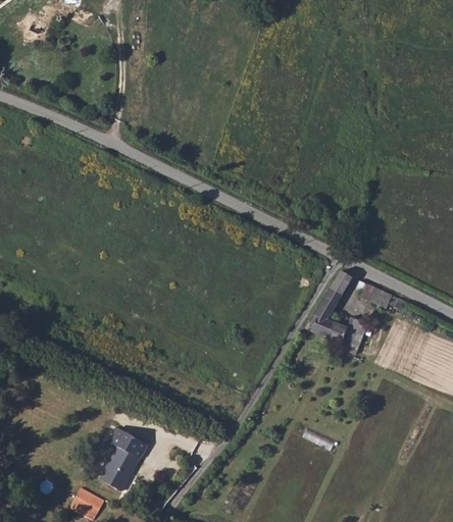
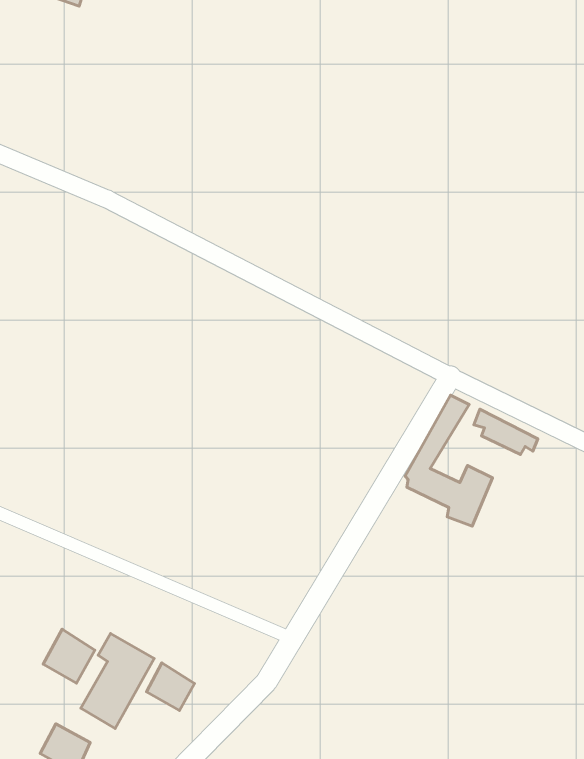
building: none -> [43,629,95,683]
building: none -> [146,663,195,711]

